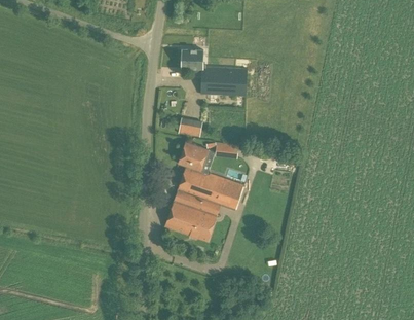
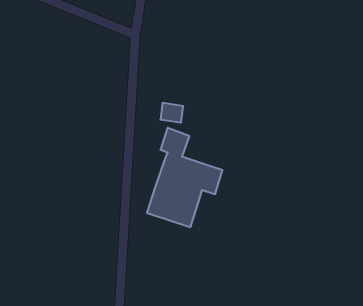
building: [182,49,247,95] -> none

